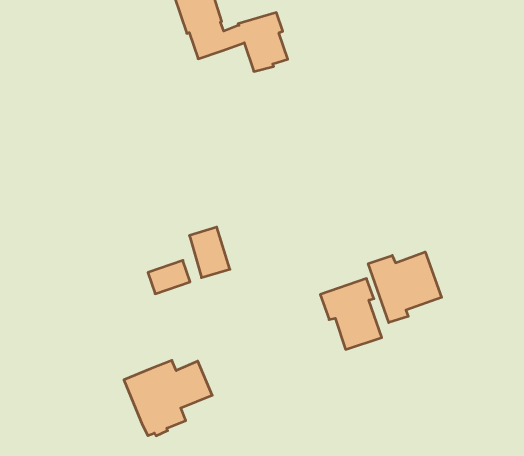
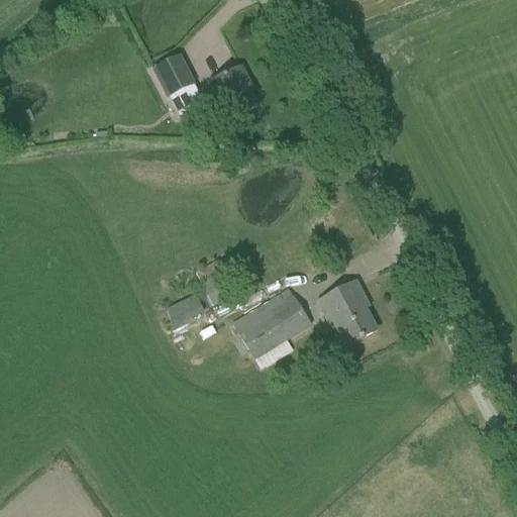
building: [368,252,442,323] -> none
building: [124,360,212,436] -> [233,295,311,366]

